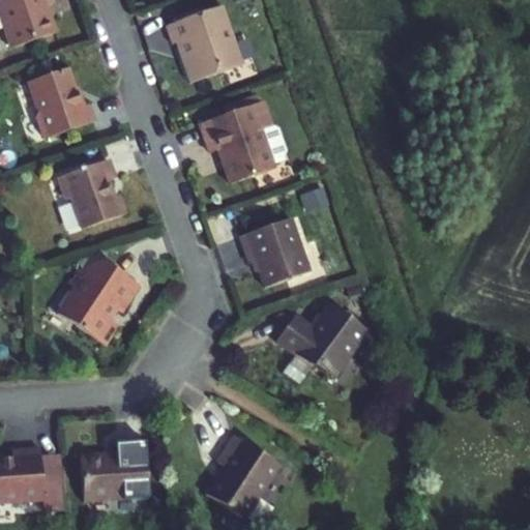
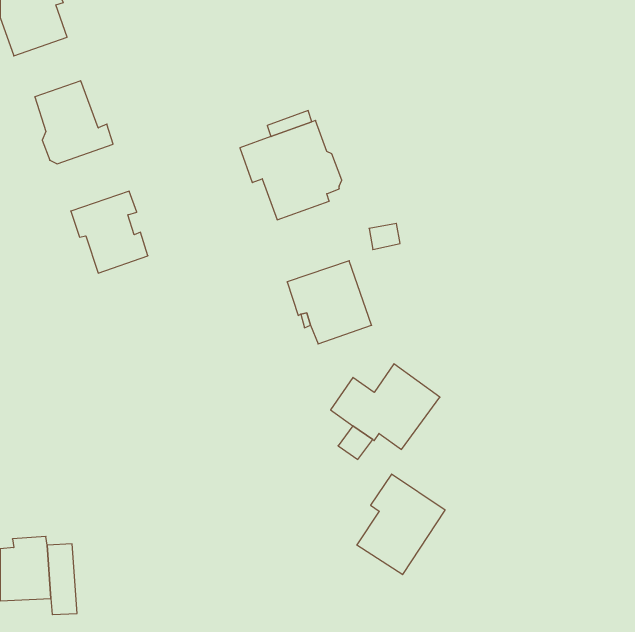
building: [167,6,241,82] -> none
building: [57,259,139,343] -> none
building: [205,435,278,519] -> [357,474,445,575]
building: [80,440,148,500] -> none

